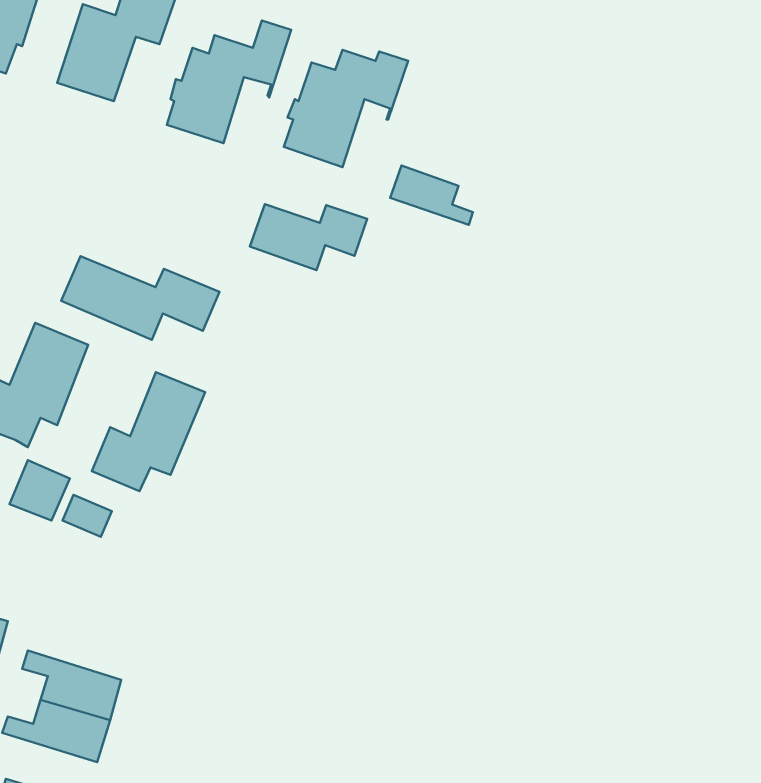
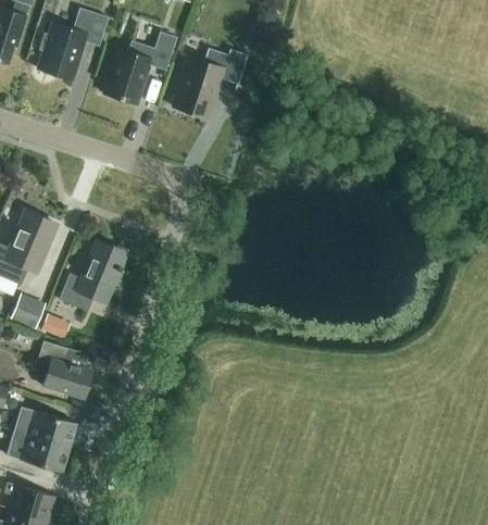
building: [390,165,473,225] -> none
building: [250,204,367,270] -> none
building: [61,256,220,340] -> none
building: none -> [37,340,92,398]

